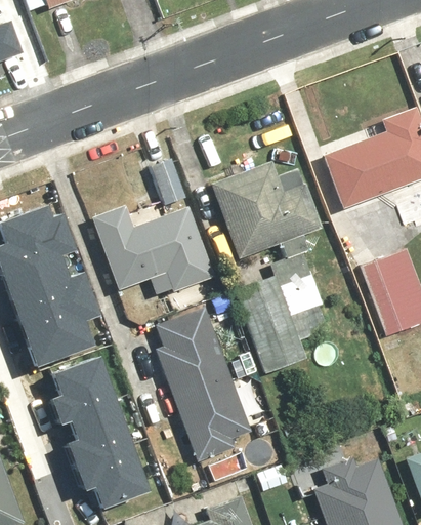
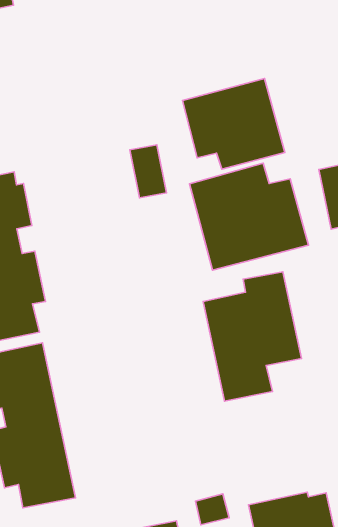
building: none -> [183,79,285,169]
building: [92,202,223,314] -> none
building: [154,309,252,466] -> none

